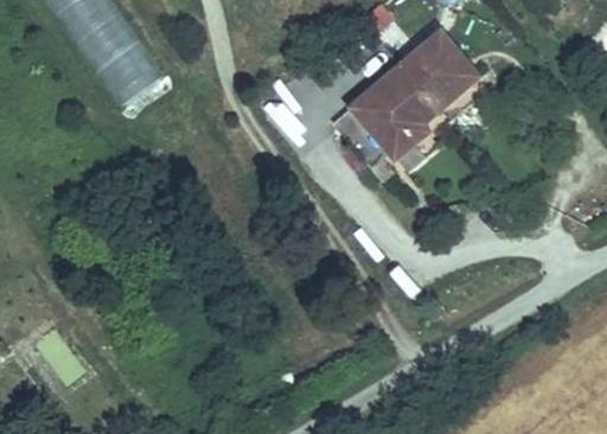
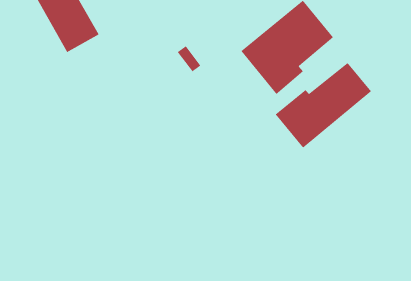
building: none -> [275,62,372,148]

